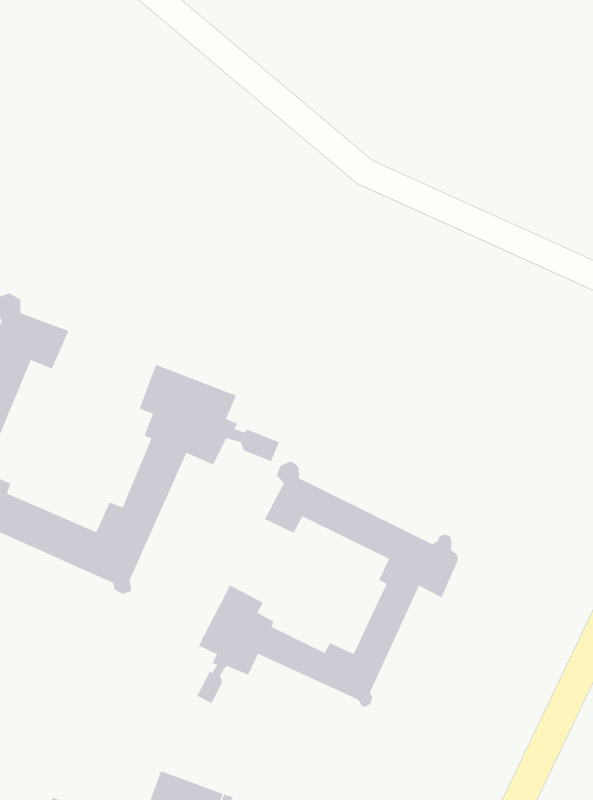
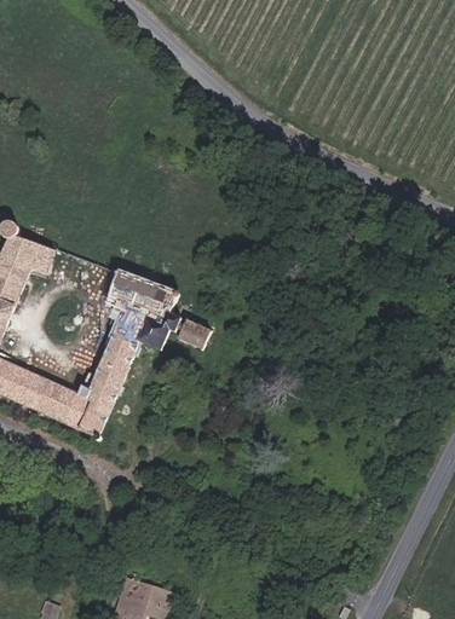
building: [197,461,458,708] -> none

